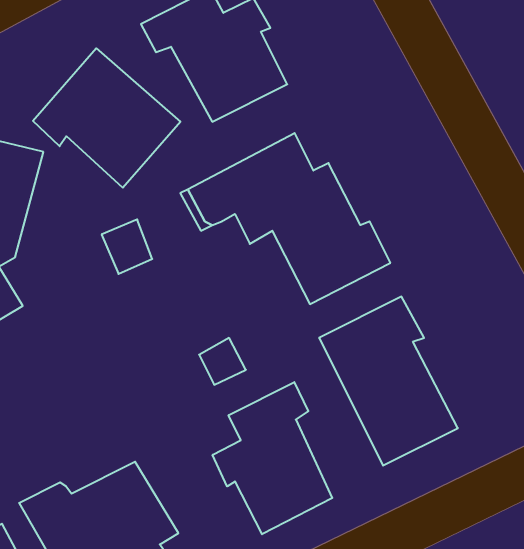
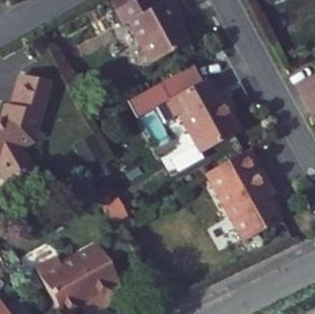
building: [33,48,180,188] -> none
building: [213,382,332,534] -> none

